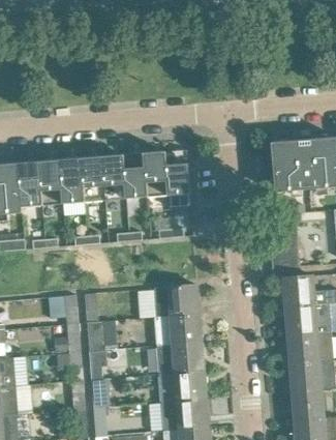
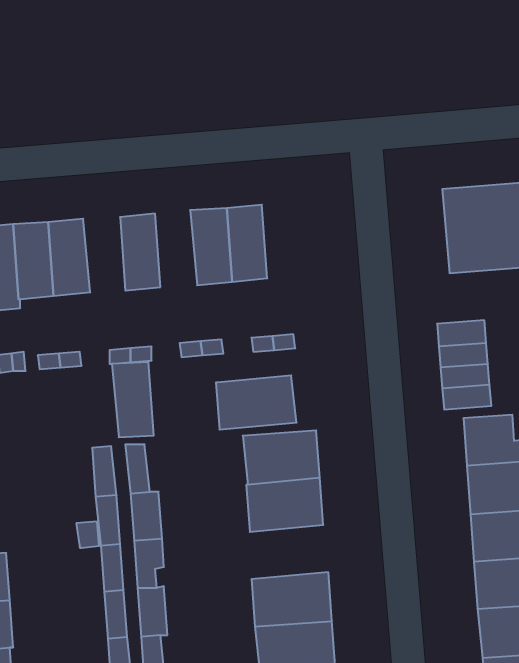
building: [164,149,190,195] -> none
building: [101,154,126,200] -> none
building: [59,158,84,203] -> [112,362,154,437]
building: [156,341,204,373] -> [216,375,297,430]

